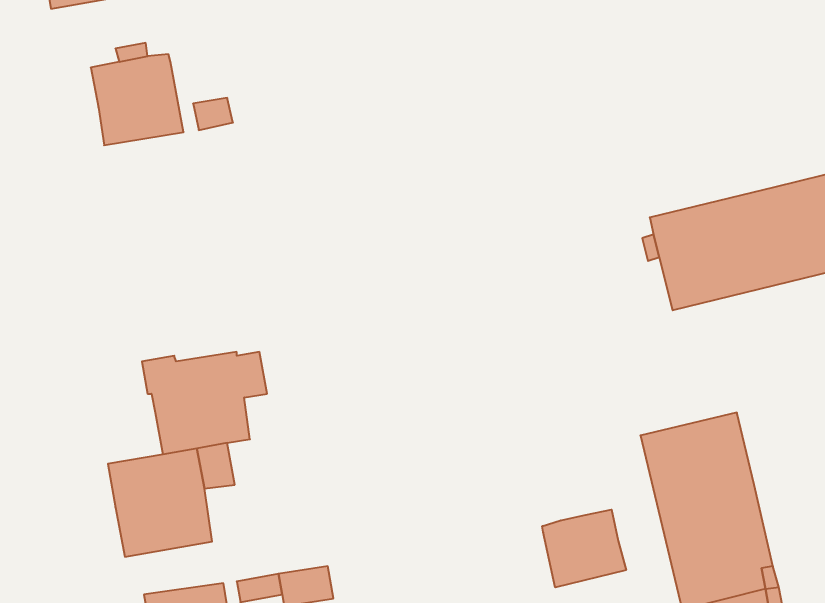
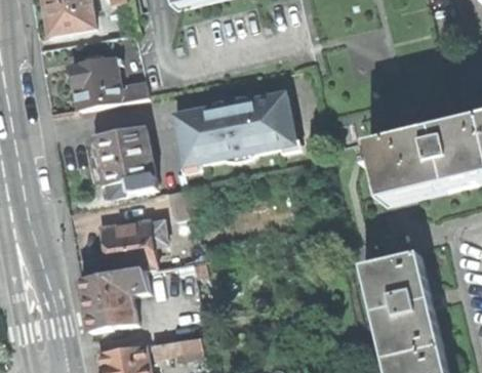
building: none -> [171,92,293,166]
building: none -> [90,126,153,196]
building: [542,510,626,587] -> none

